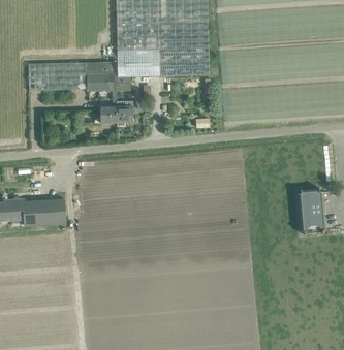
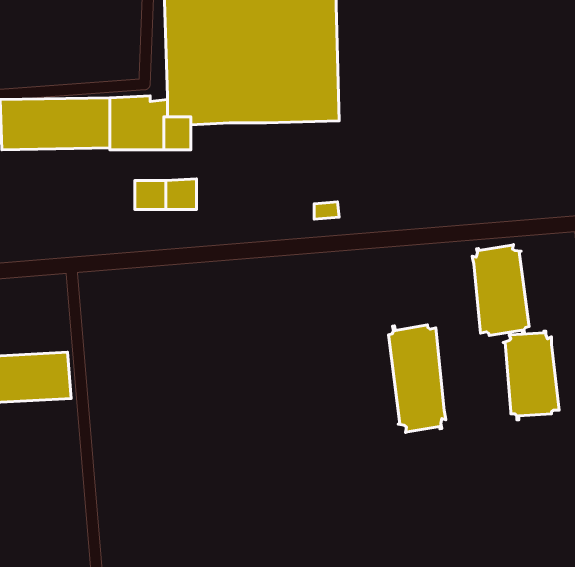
building: none -> [472,245,529,335]
building: none -> [388,325,446,432]

